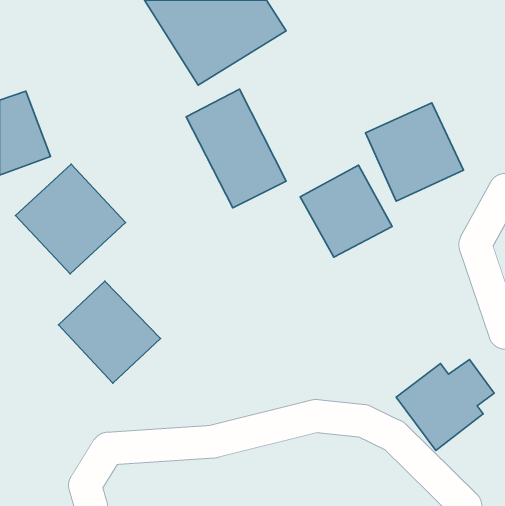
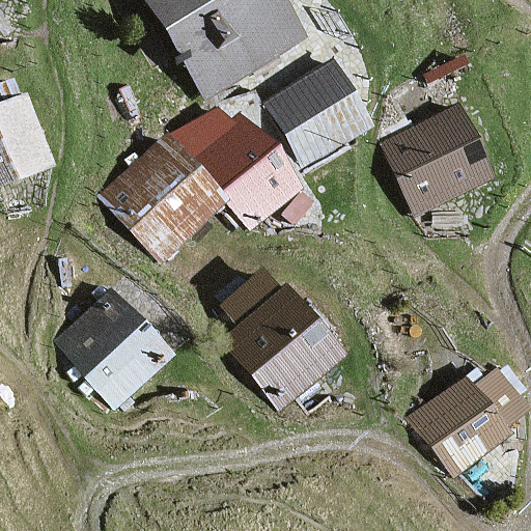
building: [16,164,126,274] -> [105,140,220,255]
building: [300,165,392,257] -> [271,64,367,161]
building: none -> [228,275,339,404]

